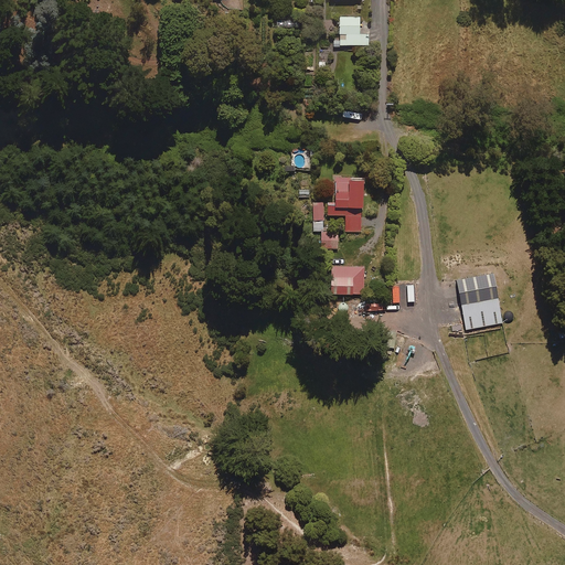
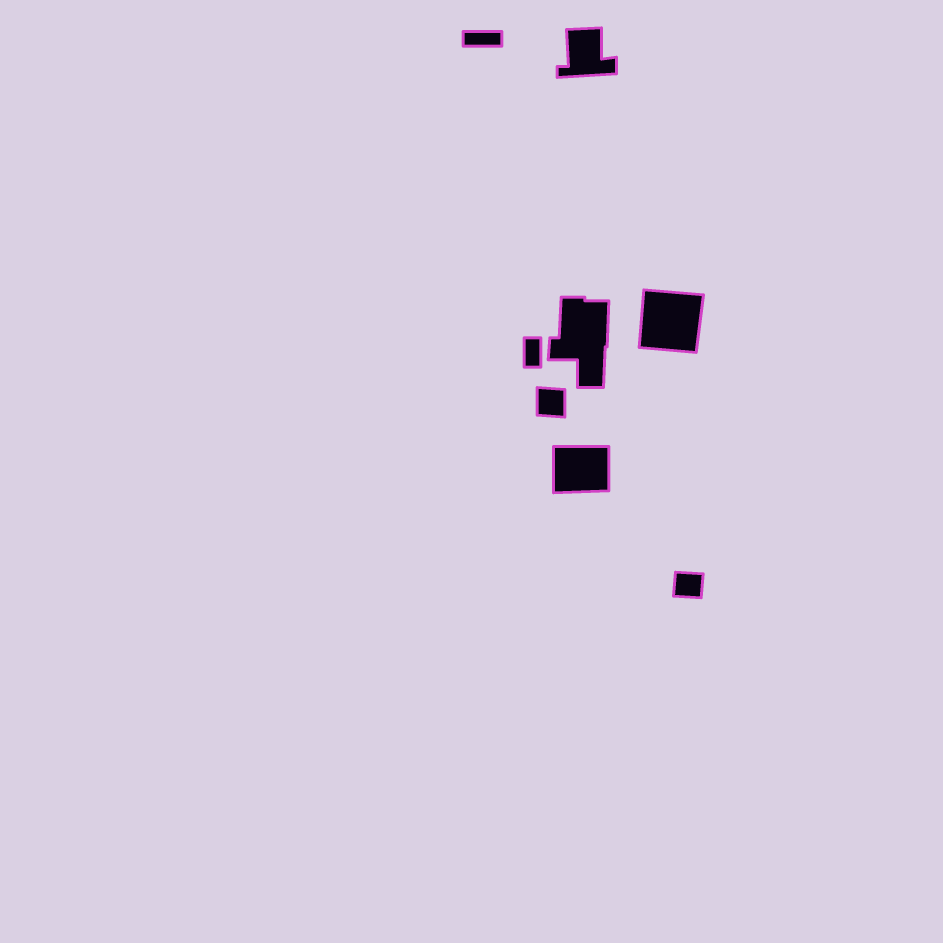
building: none -> [639,290,703,352]
building: [457,274,502,329] -> none

